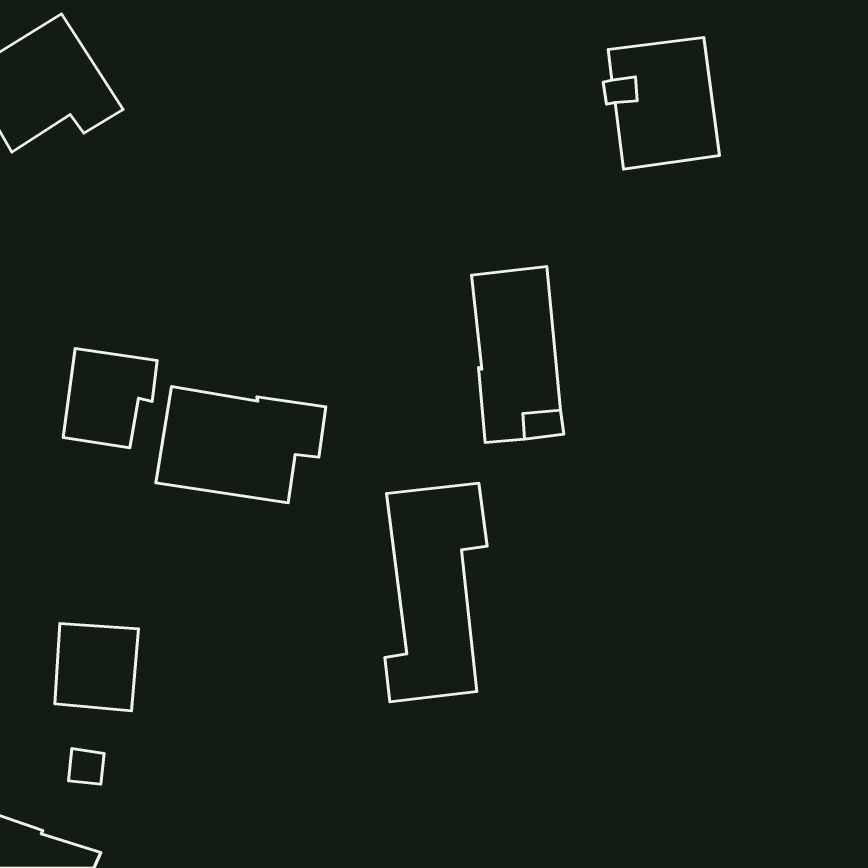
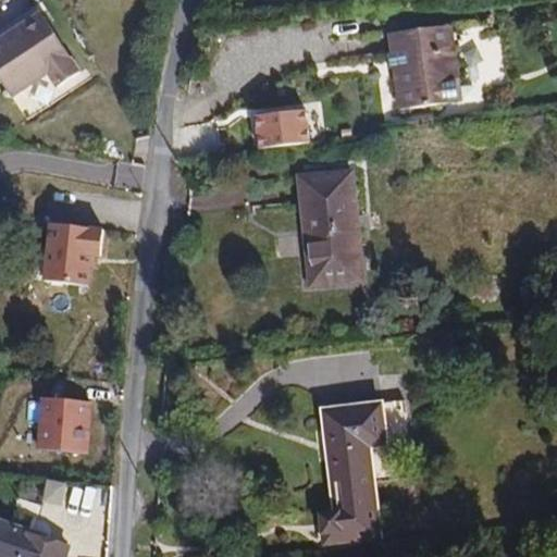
building: none -> [256,108,309,144]
building: [156,386,326,503] -> none
building: [385,483,487,702] -> [320,401,385,541]

